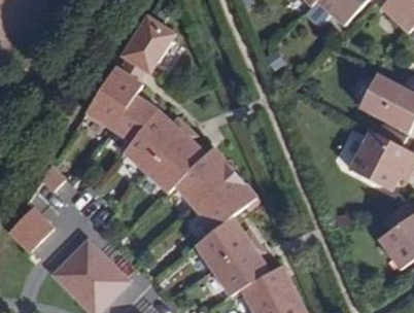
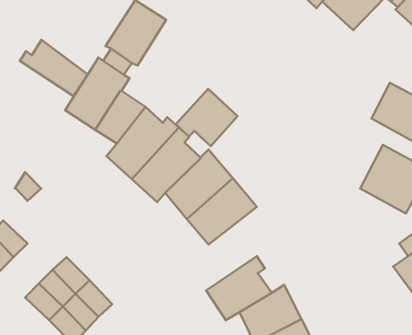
building: none -> [20,40,88,96]
building: none -> [176,89,238,146]
building: [195,210,257,266] -> none

